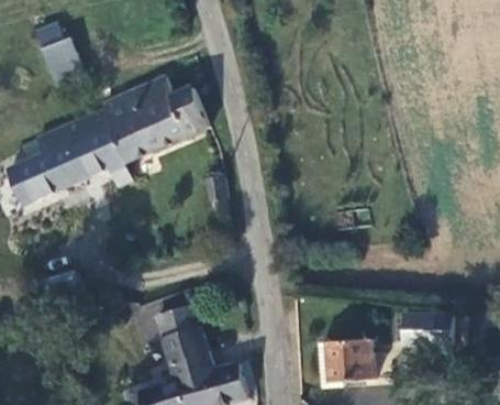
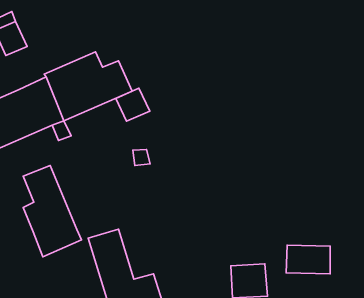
building: none -> [116,88,150,121]
building: none -> [23,166,82,257]

